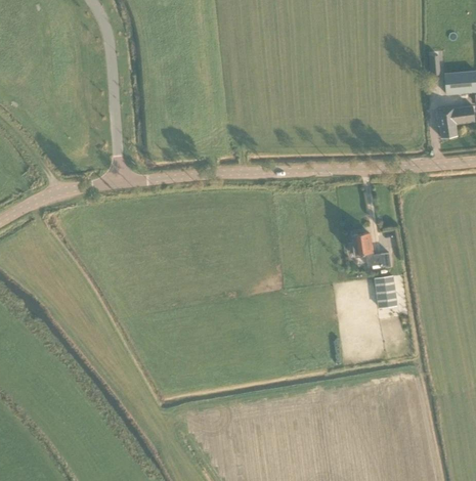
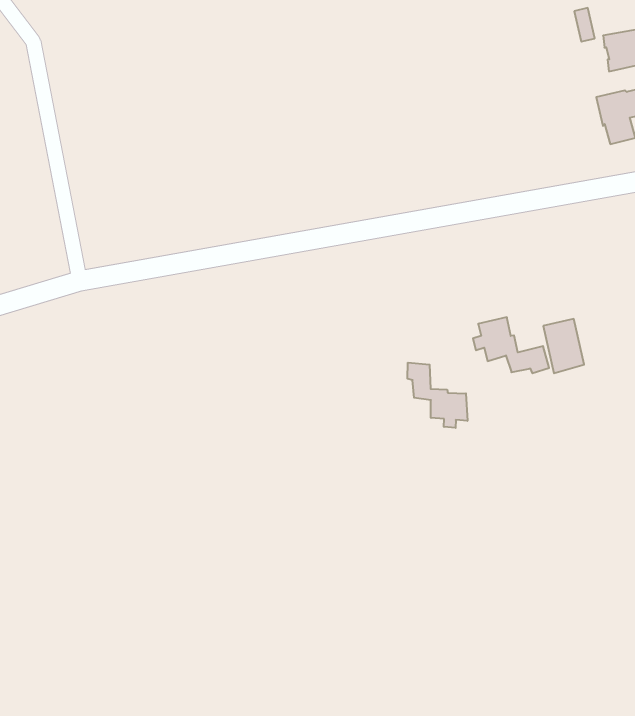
building: none -> [407,363,467,428]
building: [376,276,397,307] -> [543,319,584,373]

